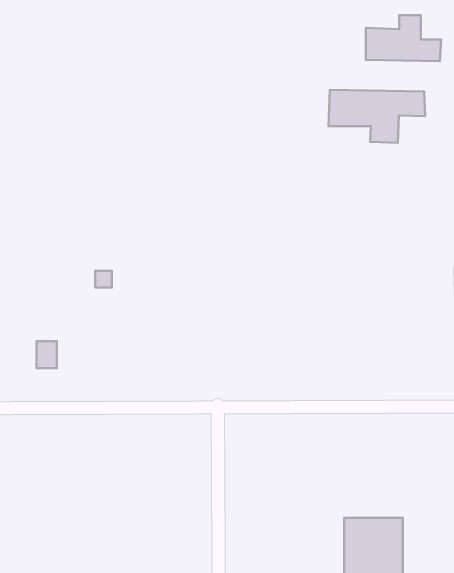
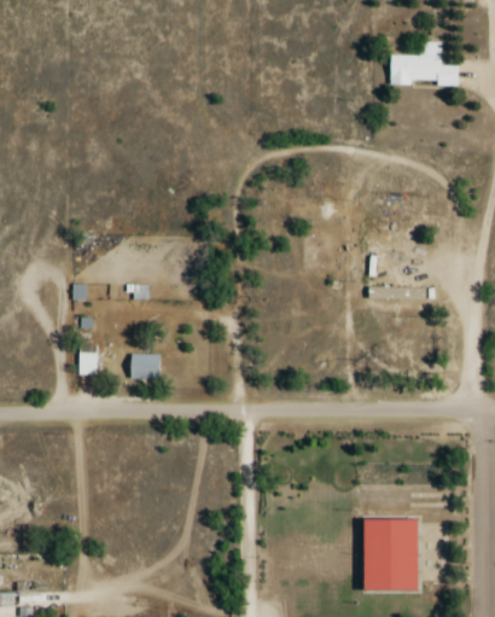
building: [328,90,425,143] -> none
building: none -> [128,354,161,379]

